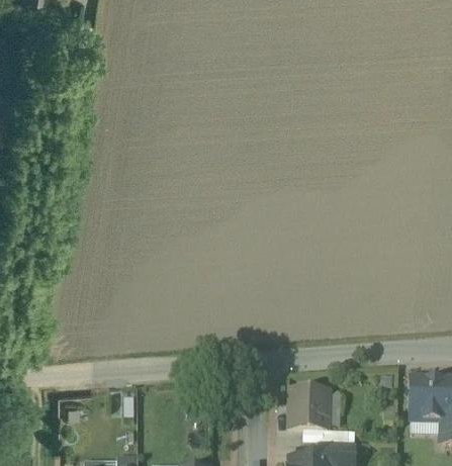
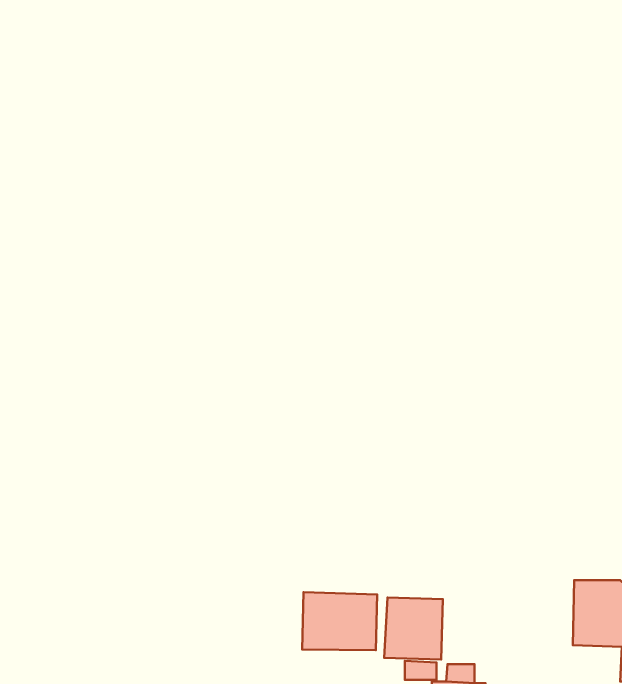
building: none -> [302,592,377,650]

